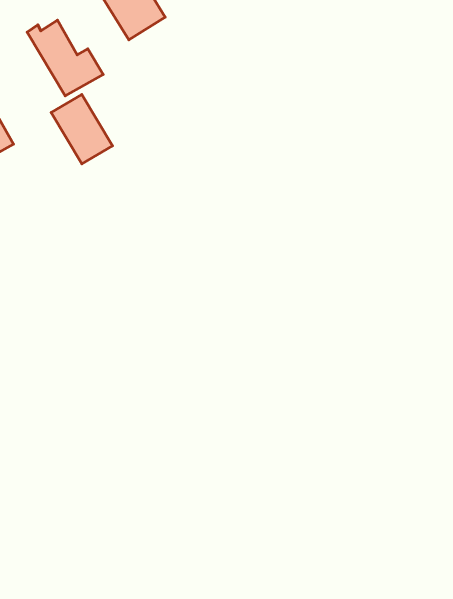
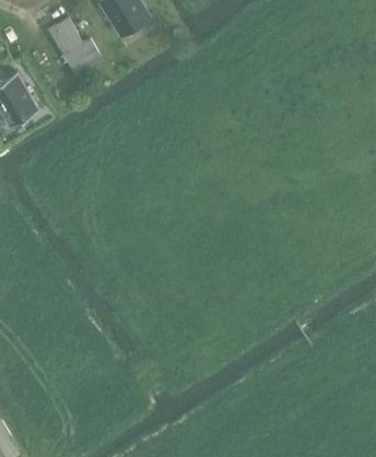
building: [51,95,112,164] -> none

